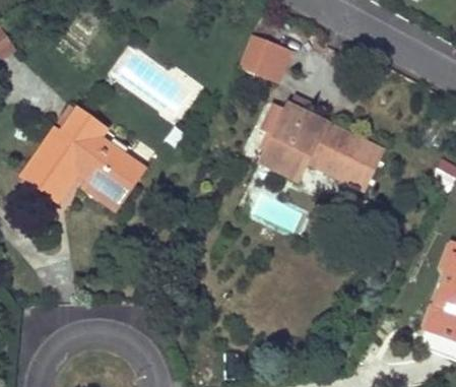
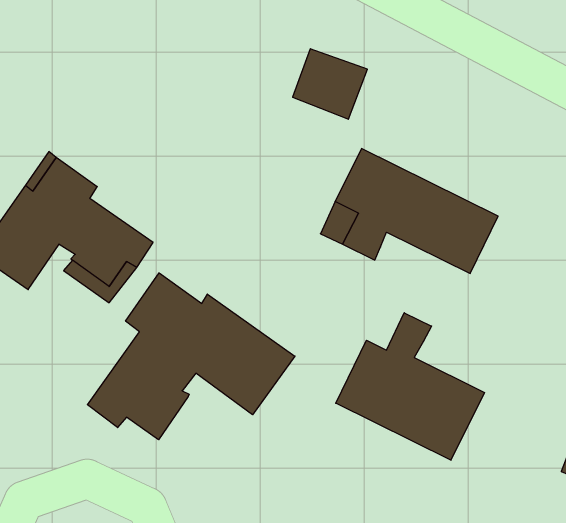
building: none -> [87,273,295,440]
building: none -> [336,313,485,460]

